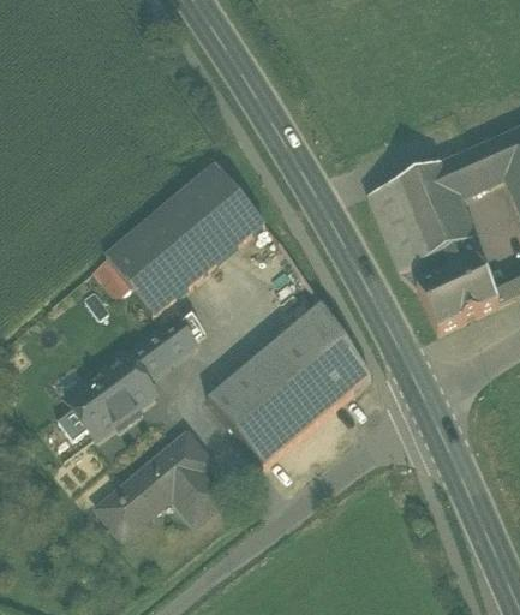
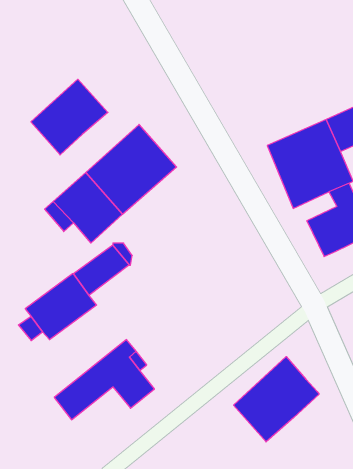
building: none -> [31,79,108,155]
building: [208,294,371,466] -> none
building: none -> [234,357,319,442]

